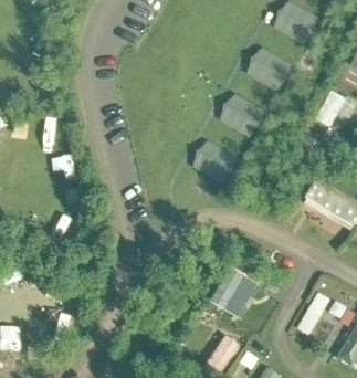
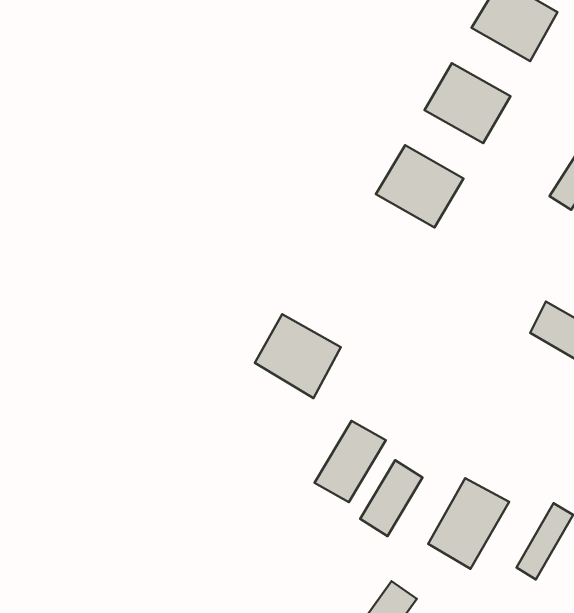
building: [190,137,239,185] -> [255,314,341,398]
building: none -> [314,421,386,502]
building: none -> [428,478,509,569]

